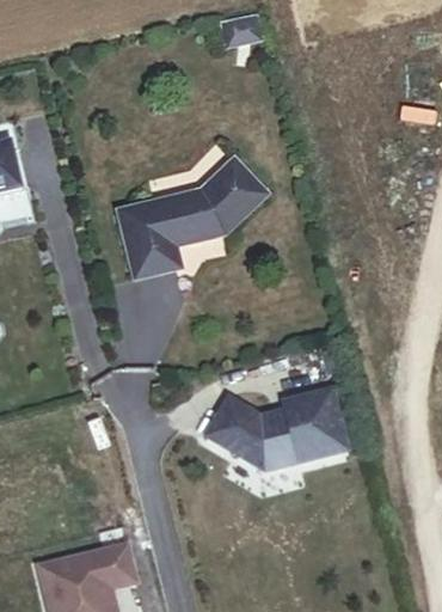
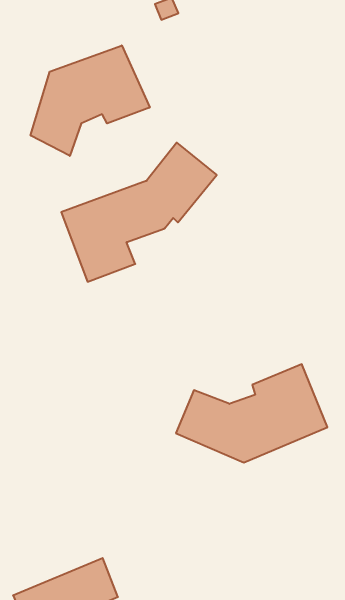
building: none -> [31,45,150,156]

